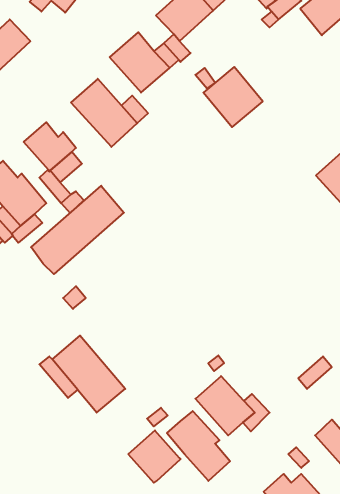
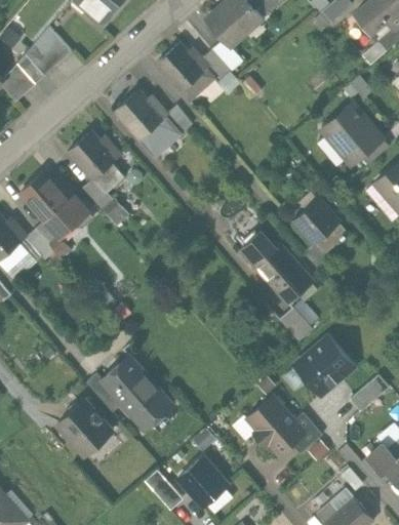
building: [203,67,263,127] -> [321,104,383,166]
building: none -> [293,197,342,245]
building: [31,186,124,274] -> none
building: none -> [241,229,311,301]
building: none -> [280,304,315,338]
building: none -> [294,333,356,395]
building: none -> [52,396,112,456]
building: [167,411,230,481] -> none
building: none -> [147,469,184,509]

